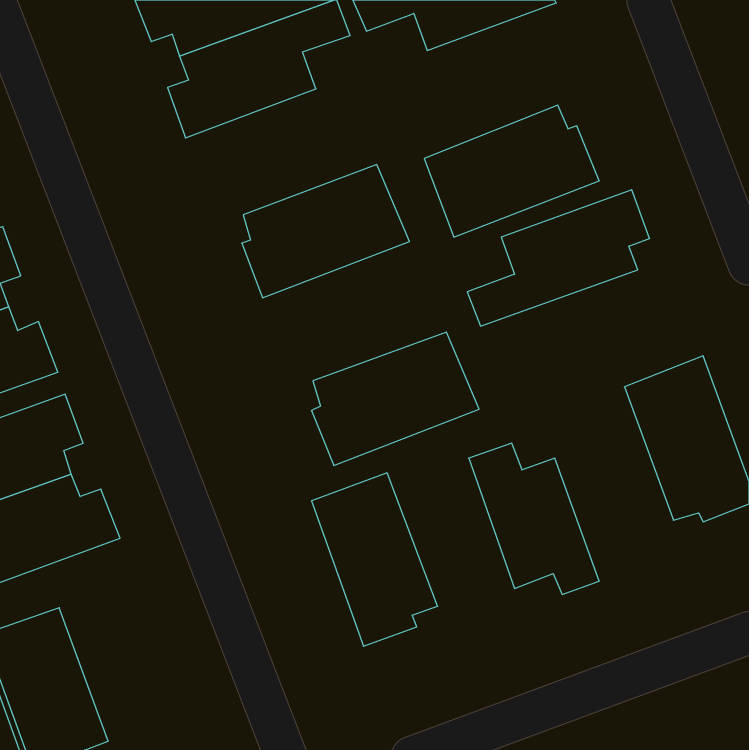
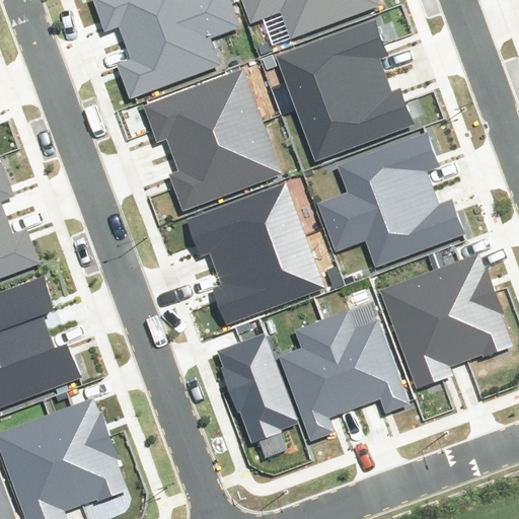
building: none -> [270,22,381,114]
building: none -> [139,66,257,152]
building: none -> [187,179,305,266]
building: none -> [328,190,468,267]
building: none -> [374,270,460,388]
building: none -> [278,318,352,439]
building: none -> [41,399,132,513]

